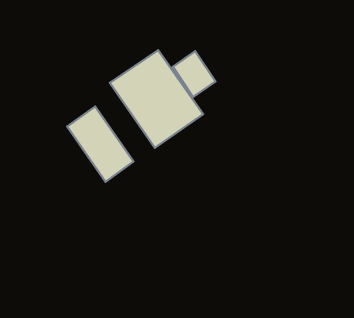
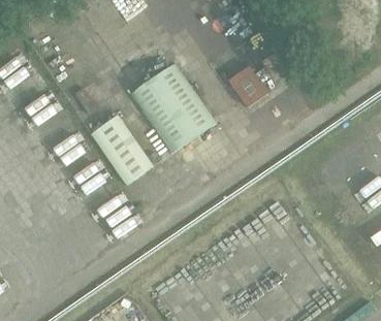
building: [173,51,215,97] -> [228,64,267,106]

